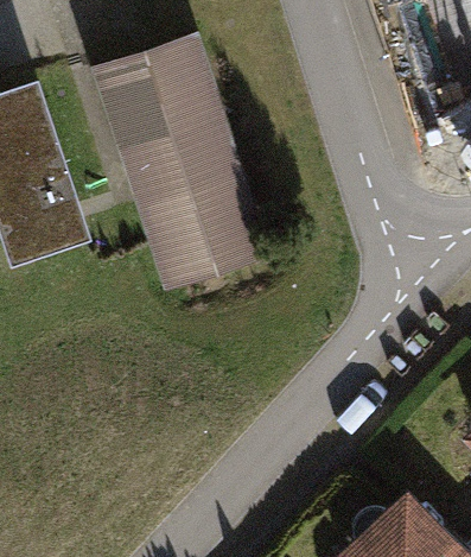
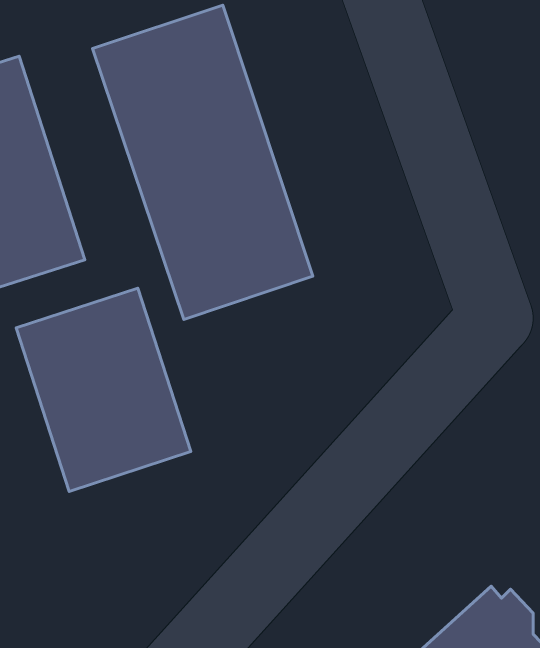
building: none -> [16,288,191,491]

